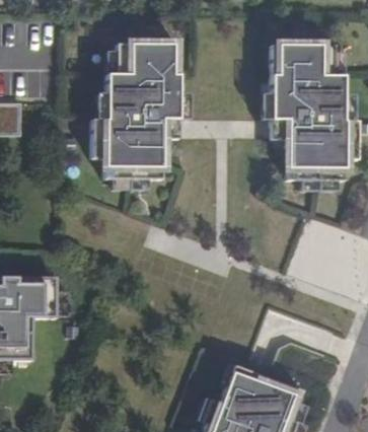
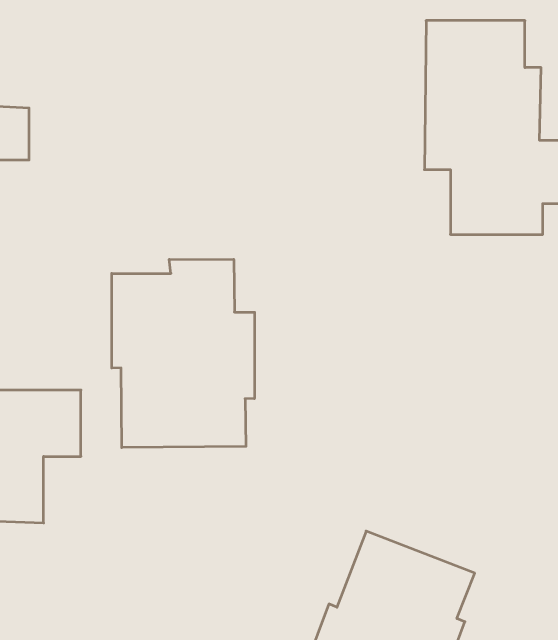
building: [90,42,176,176] -> none
building: none -> [112,259,255,448]

